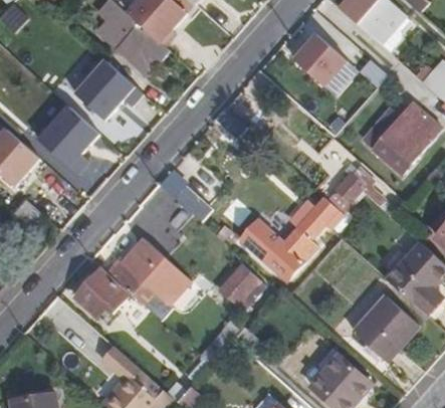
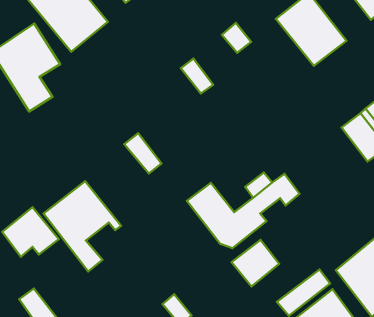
building: [326,170,369,213] -> none
building: [128,192,182,245] -> none
building: [225,270,269,315] -> [231,240,279,286]

